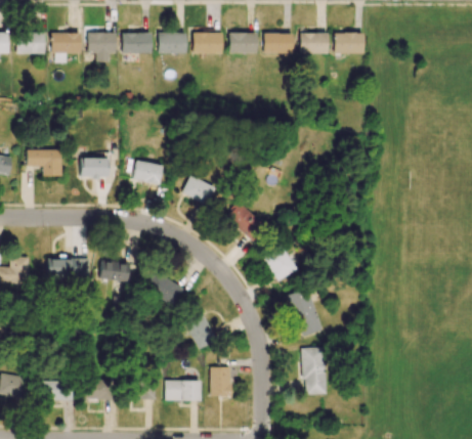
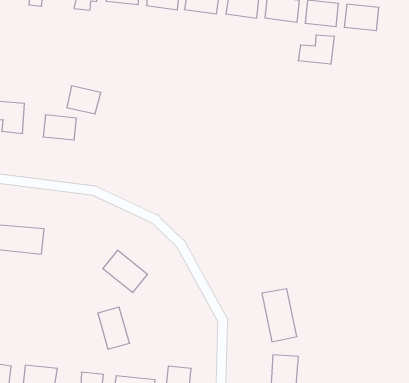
building: none -> [298,35,334,64]
building: [133,161,162,183] -> [67,86,101,114]
building: [181,176,214,205] -> none
building: [226,204,264,239] -> none
building: [264,248,296,280] -> none
building: [100,261,129,281] -> none
building: [184,311,215,349] -> [98,307,130,349]

